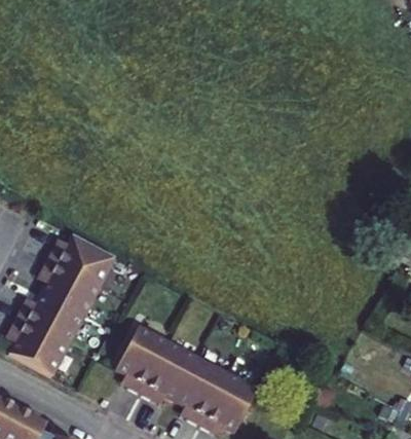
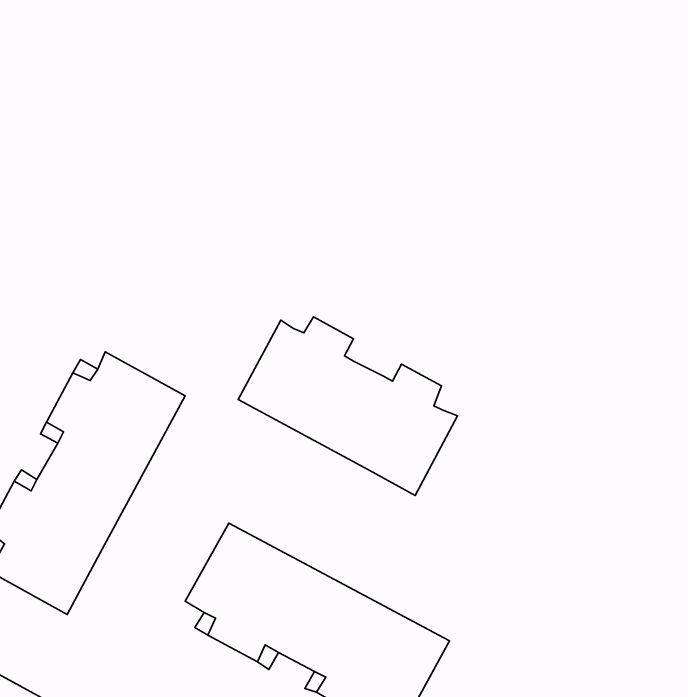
building: none -> [238,317,458,495]

